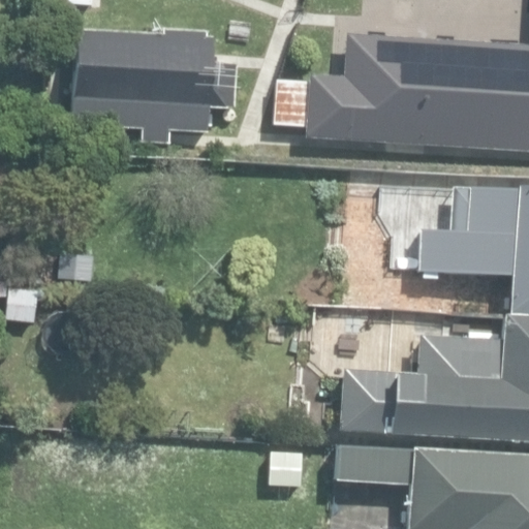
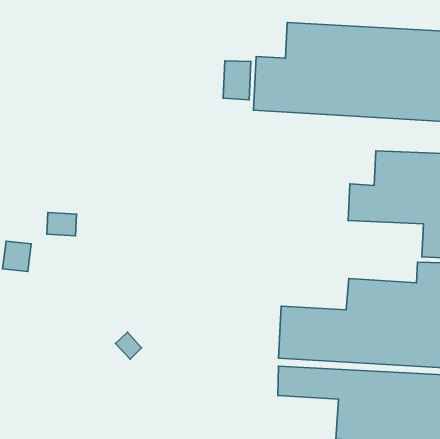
building: [73,34,238,152] -> none

